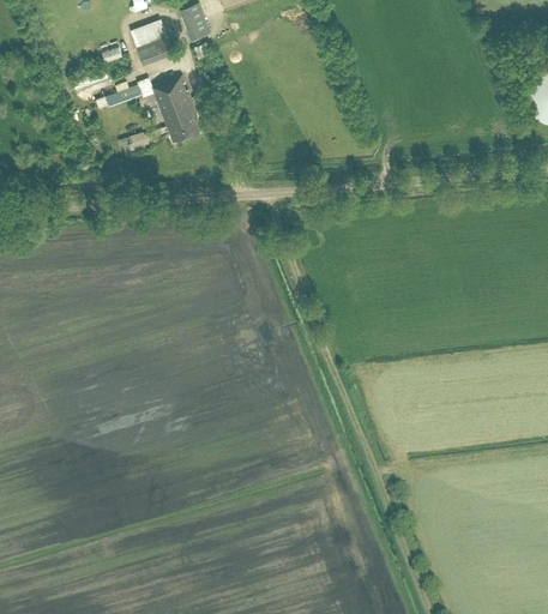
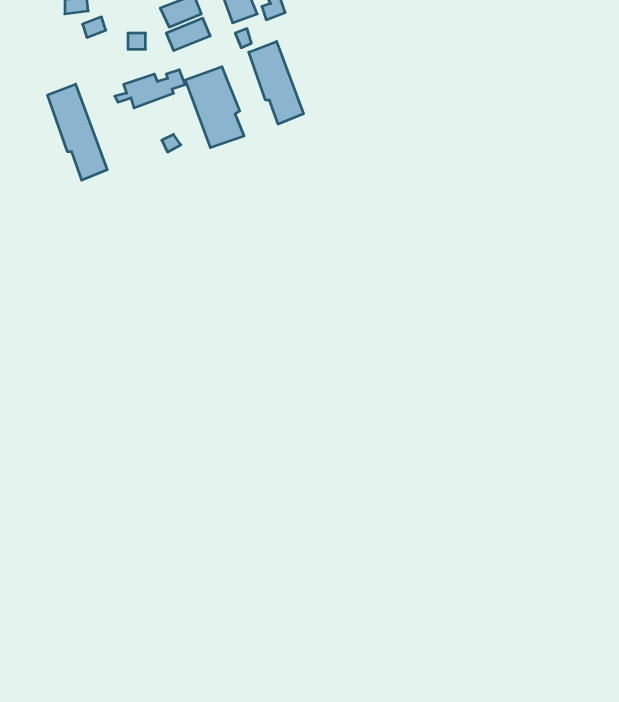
building: none -> [249,41,303,124]
building: none -> [48,84,107,180]

